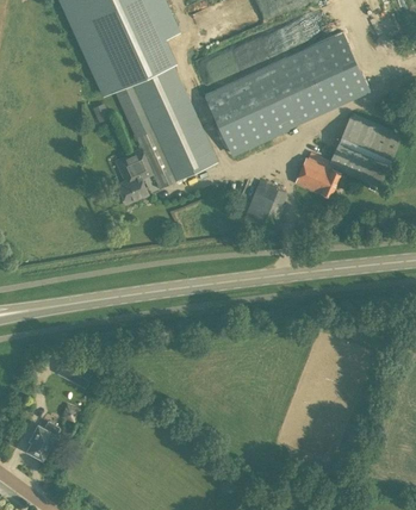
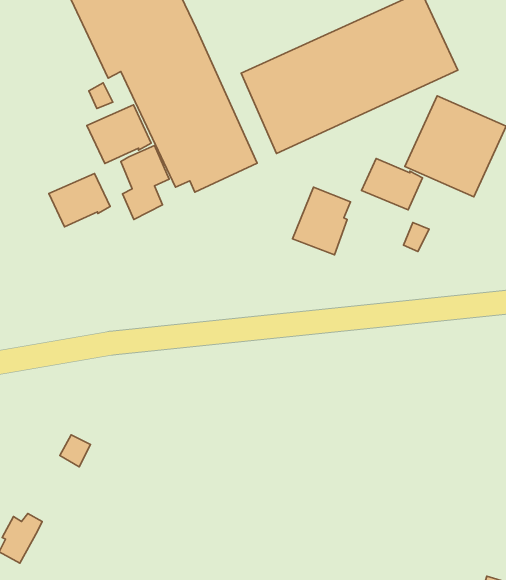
building: none -> [87,105,151,164]
building: none -> [49,173,110,227]

